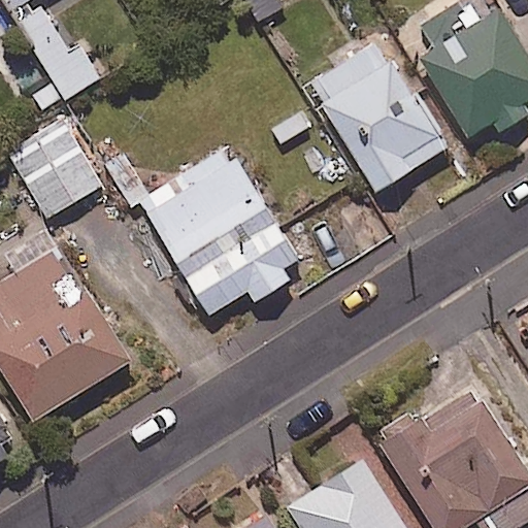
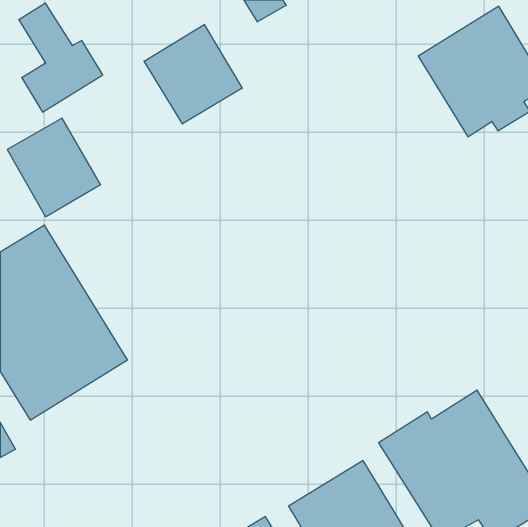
building: none -> [144,24,242,124]
building: [306,35,448,192] -> none
building: [104,148,304,316] -> none

